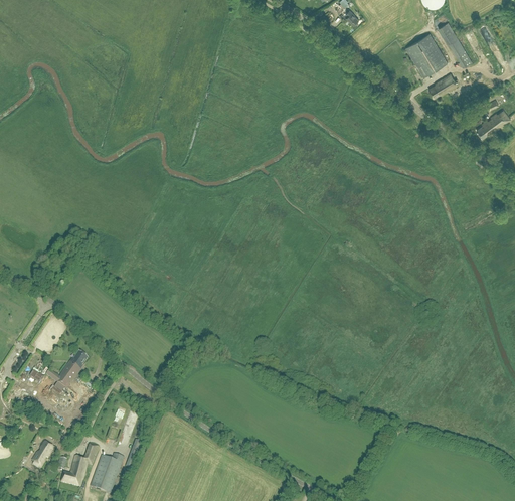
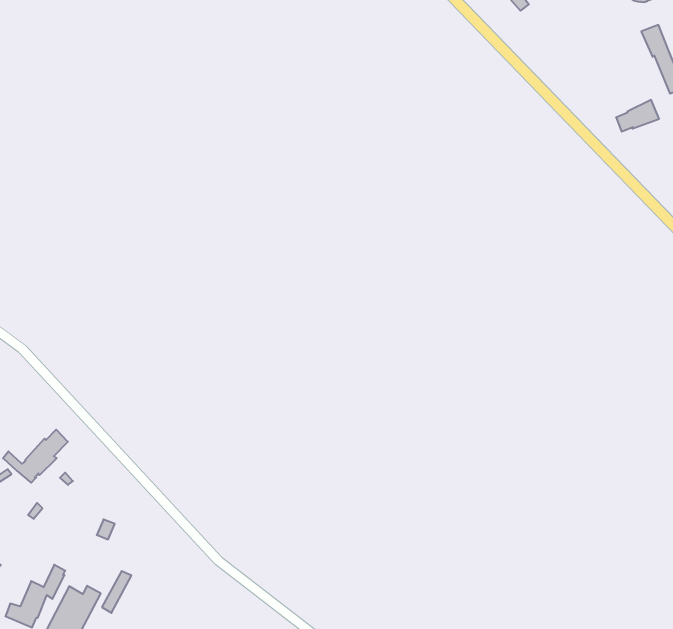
building: [404,32,447,76] -> none

